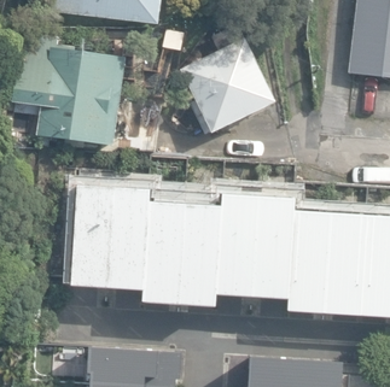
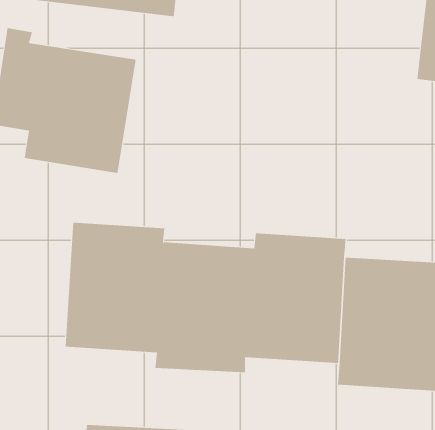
building: [177,37,273,136] -> none

